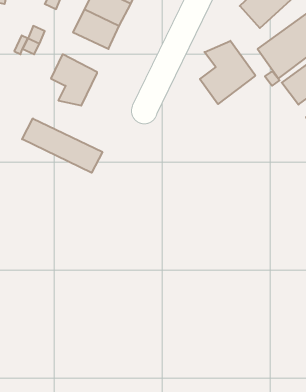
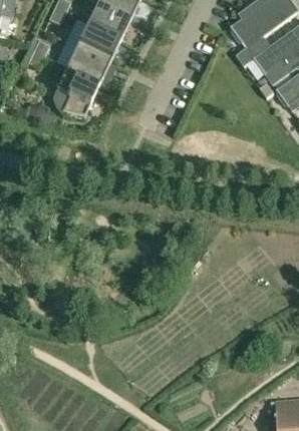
building: none -> [64,45,109,86]
building: [200,41,255,104] -> none
building: [22,118,102,173] -> none

